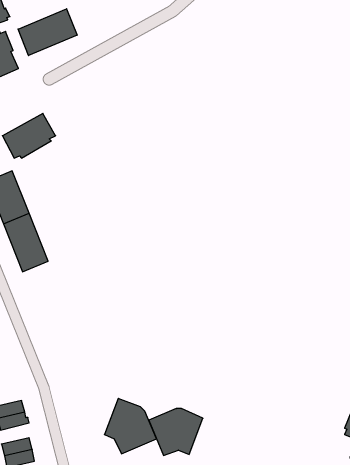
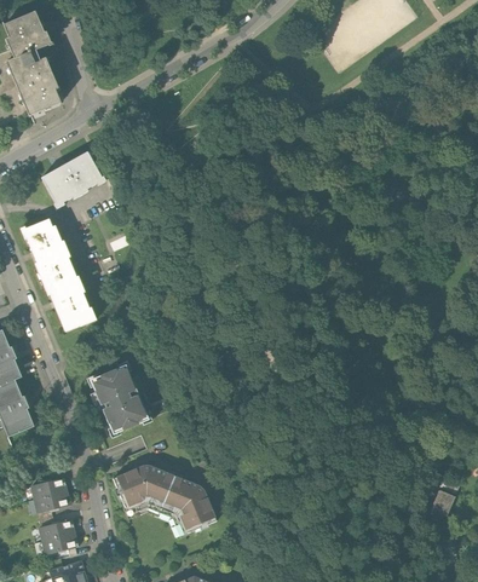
building: [18,9,77,56] -> none
building: none -> [92,364,167,433]
building: [149,409,203,455] -> [111,465,173,518]

